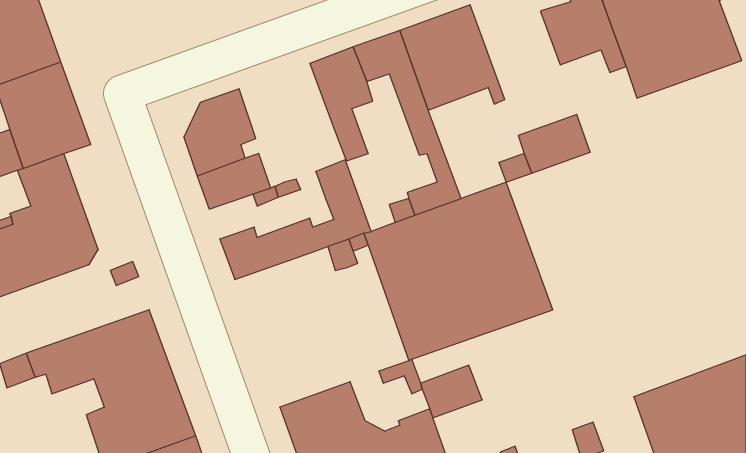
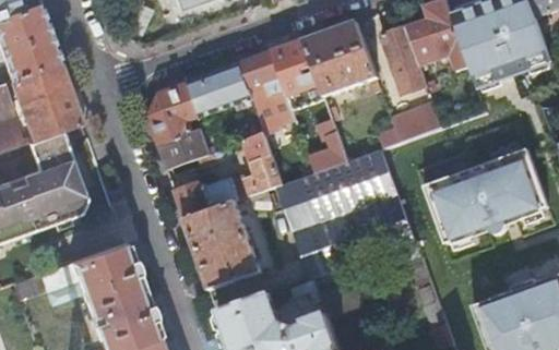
building: none -> [380,24,427,89]
building: none -> [187,61,255,116]
building: none -> [425,147,548,242]
building: none -> [183,200,261,289]

